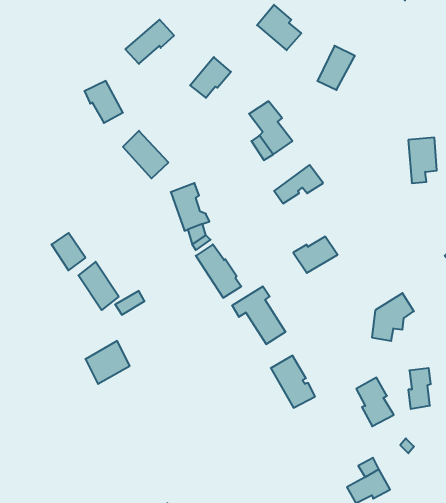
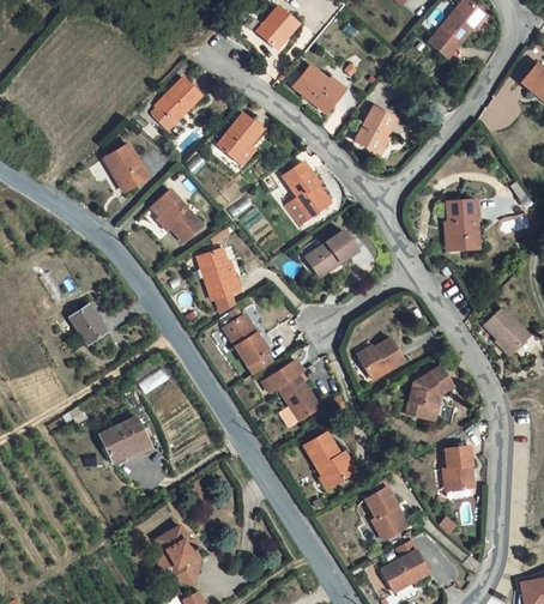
building: [293,237,338,273] -> [359,339,406,378]
building: [78,262,119,310] -> none
building: [356,378,394,426] -> [367,489,406,540]
building: none -> [157,526,197,581]

